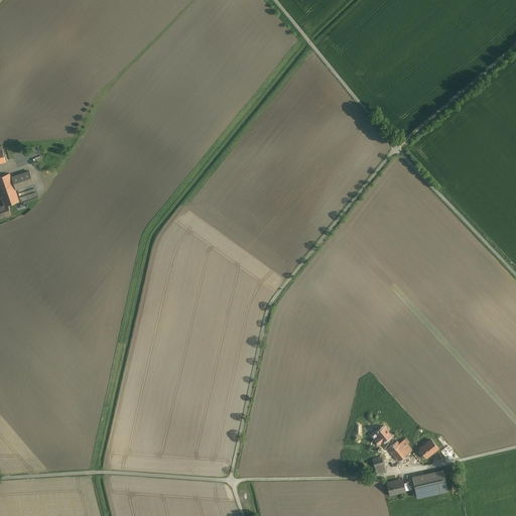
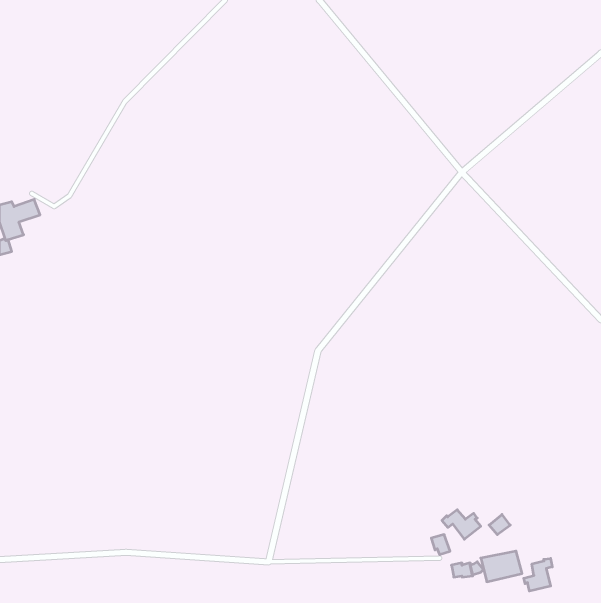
building: none -> [524,558,552,591]

